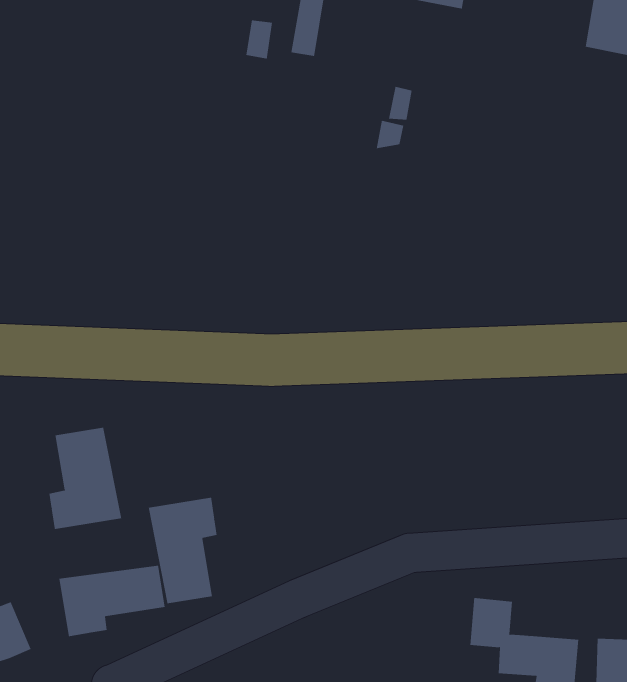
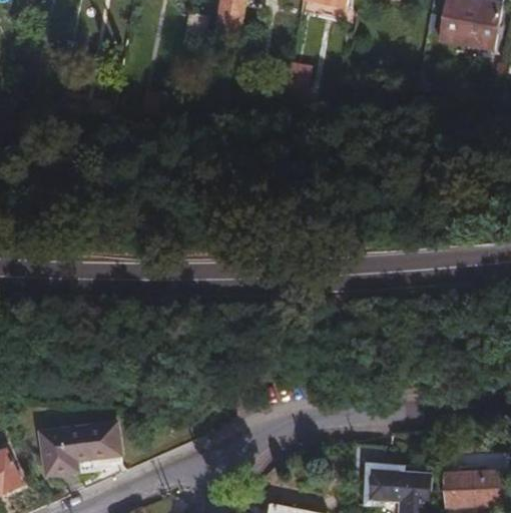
building: [49,427,122,530] -> none
building: [148,497,217,604] -> none

